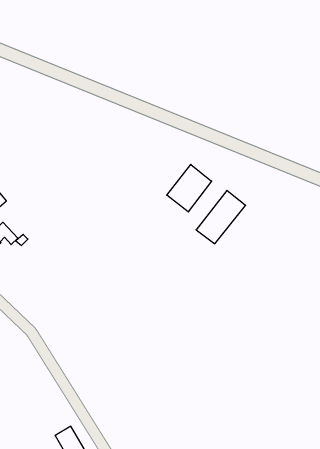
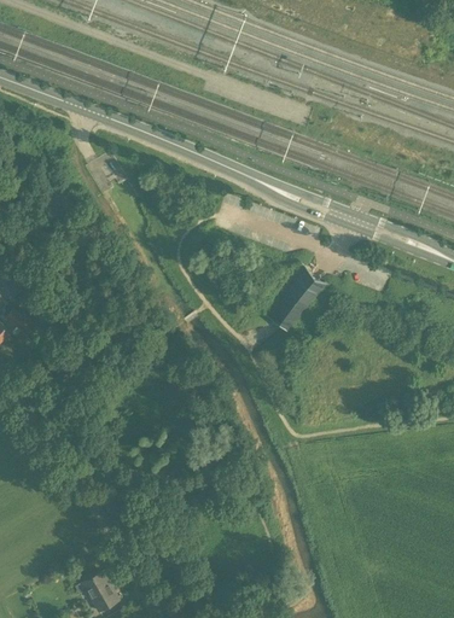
building: [167,164,212,212] -> none

